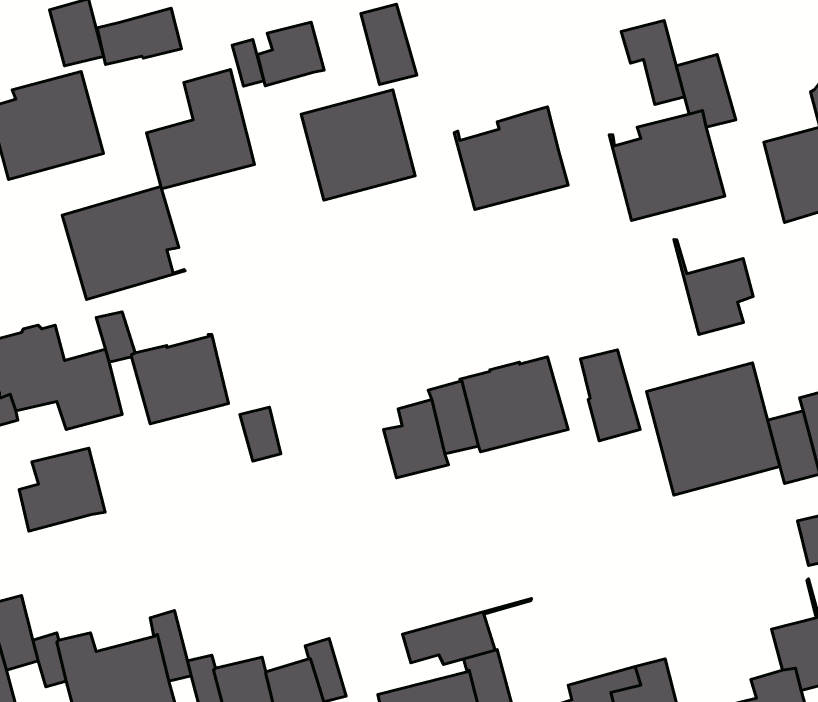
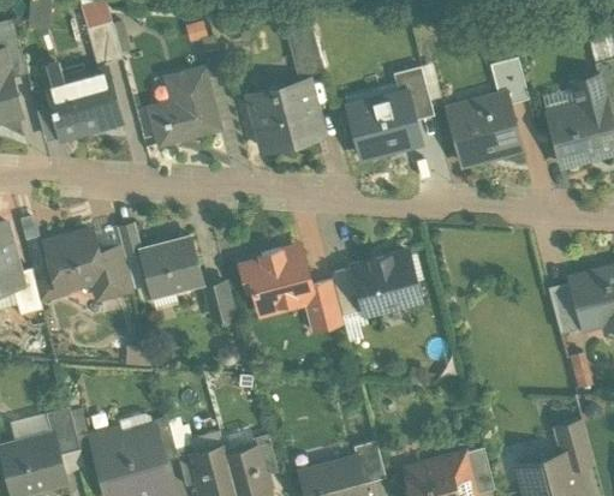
building: [97,8,181,65] -> none
building: [621,20,685,104] -> [393,67,434,121]
building: [258,22,324,86] -> none
building: [62,187,185,300] -> none
building: [674,239,753,335] -> none
building: [580,350,640,441] -> none
building: none -> [239,251,314,312]
building: [646,363,780,495] -> none
building: [19,448,105,531] -> none
building: [403,598,531,664] -> none

